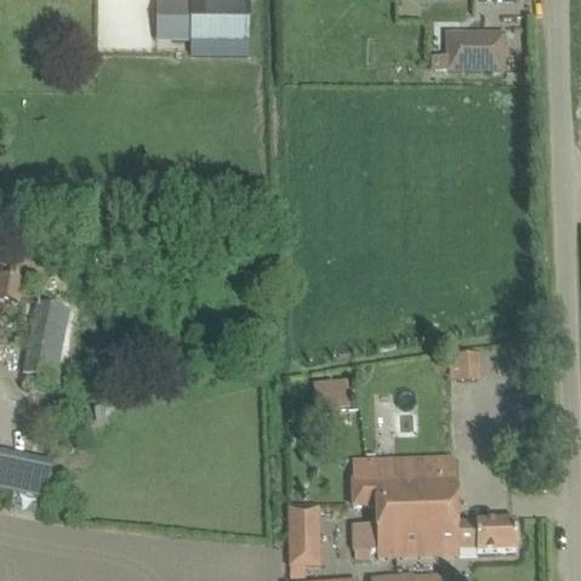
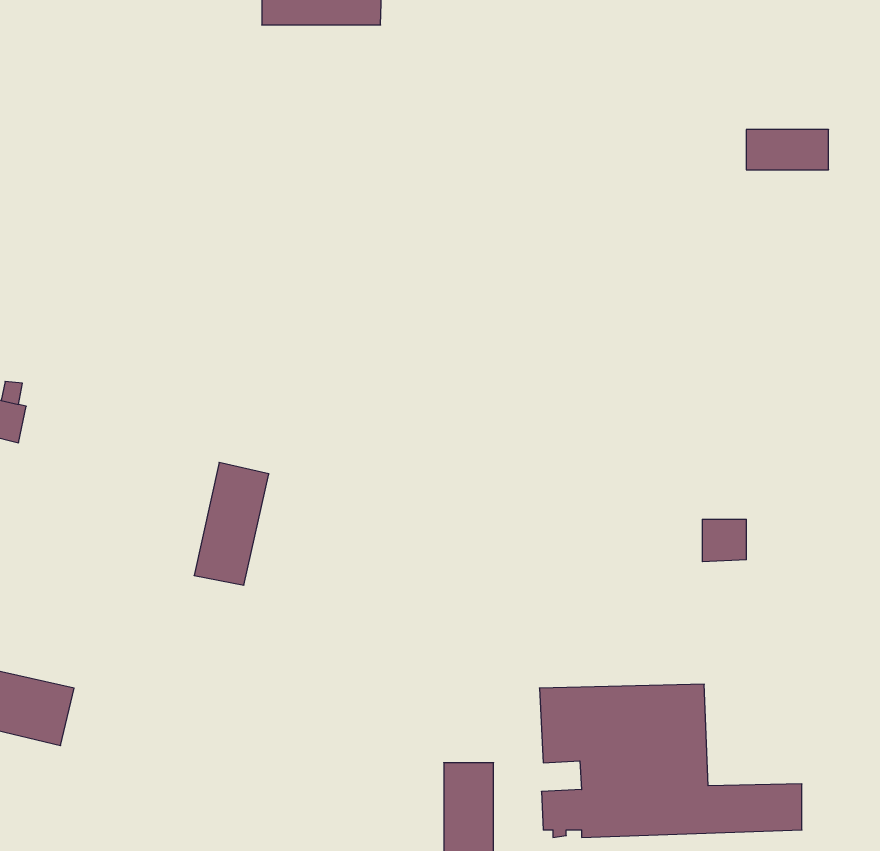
building: [448,32,500,57] -> [746,130,829,170]
building: [23,301,70,378] -> [194,462,269,585]
building: [313,377,348,410] -> none

